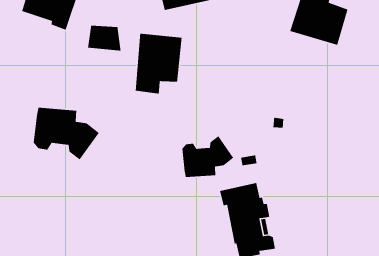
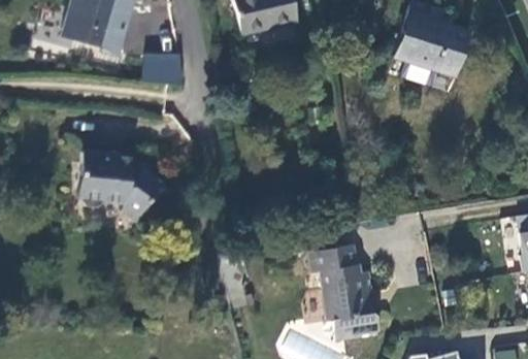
building: [135,33,182,94] -> none
building: [182,135,234,178] -> none

